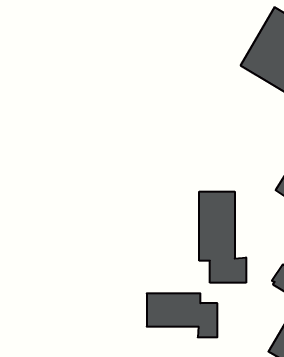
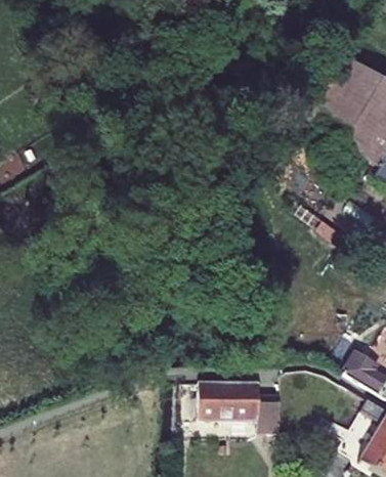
building: [199,192,246,283] -> none

